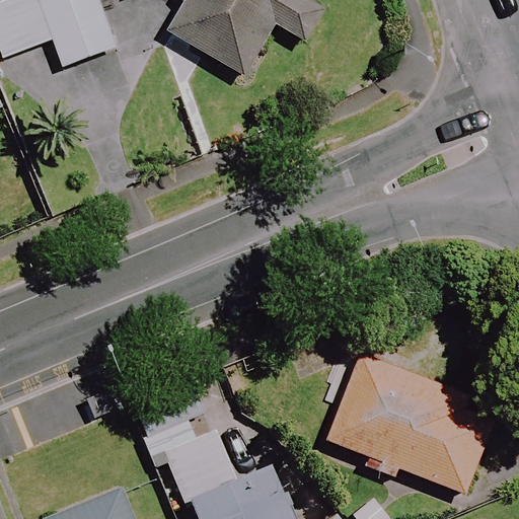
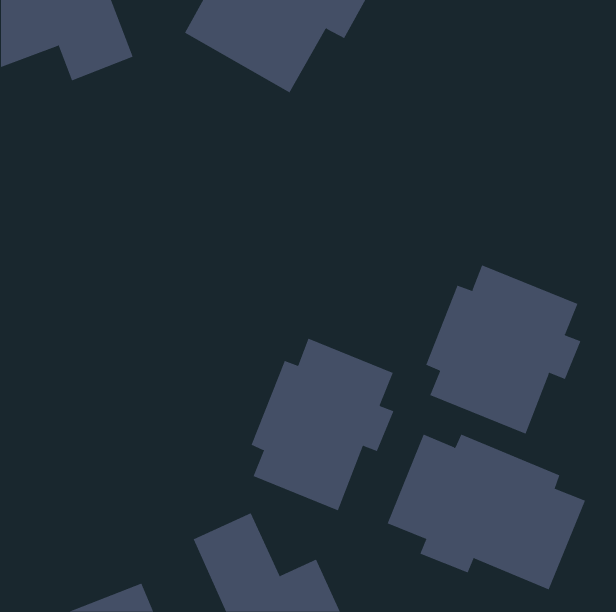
building: none -> [426,265,581,434]
building: none -> [251,338,394,511]

